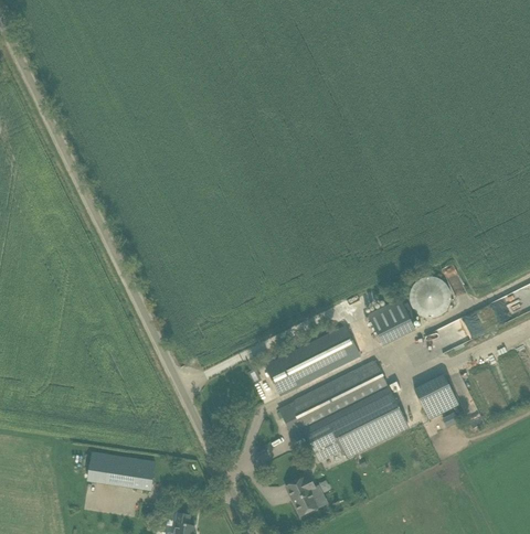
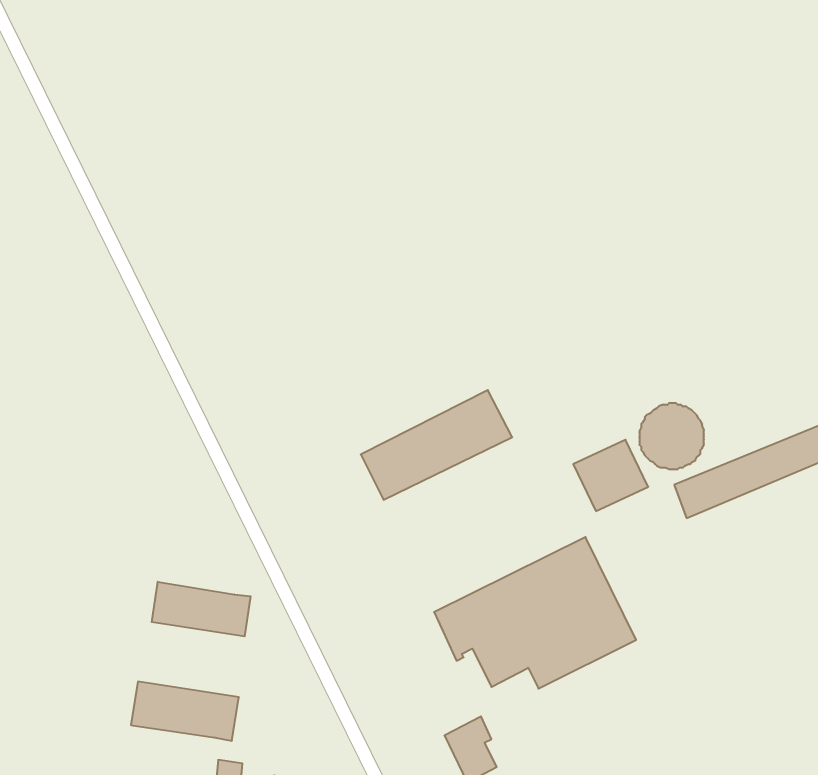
building: [265,325,361,395] -> [361,390,512,500]
building: [414,374,459,419] -> none
building: none -> [152,582,251,636]

